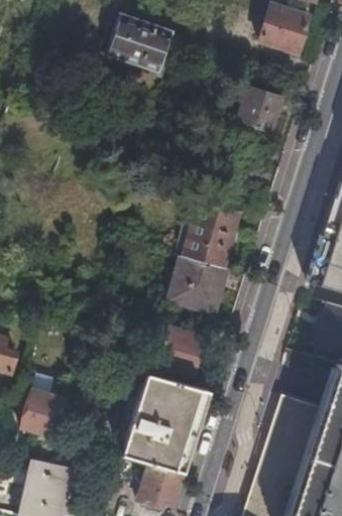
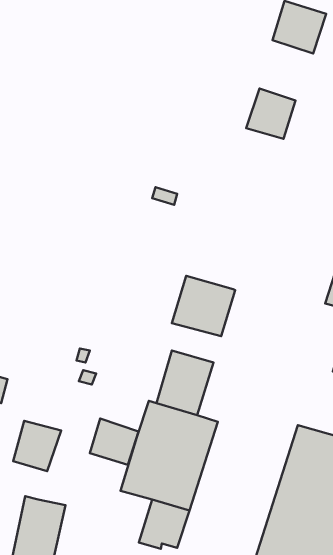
building: [107,14,172,71] -> none
building: [181,199,240,269] -> none
building: none -> [90,419,139,465]

